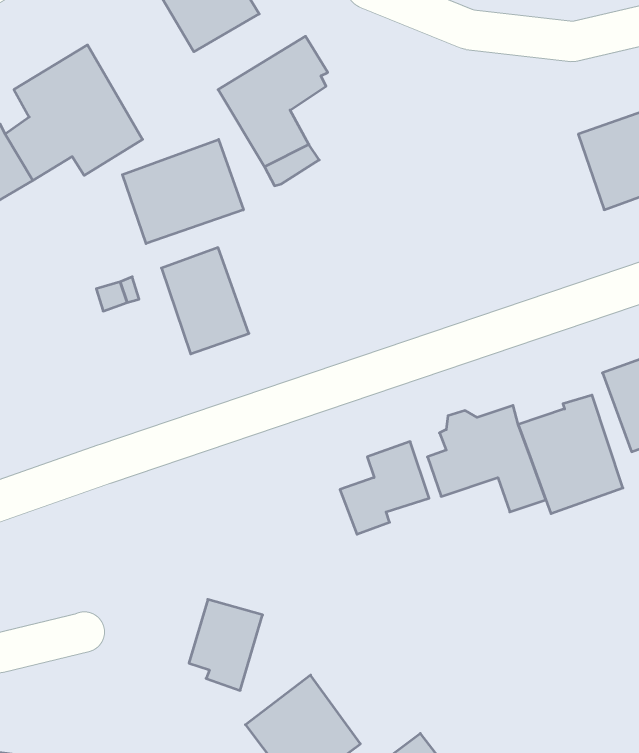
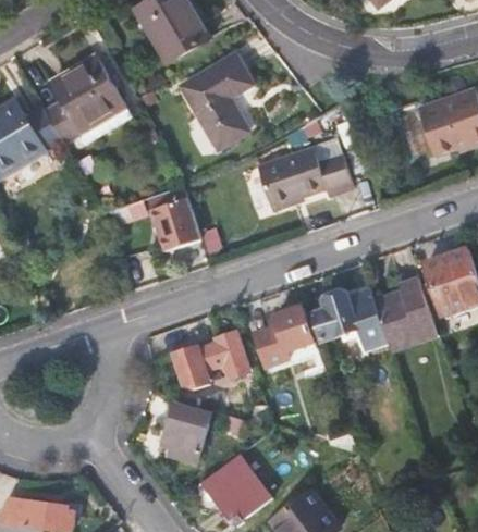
building: [122,139,243,244] -> none
building: none -> [257,156,352,215]
building: none -> [181,332,249,389]

